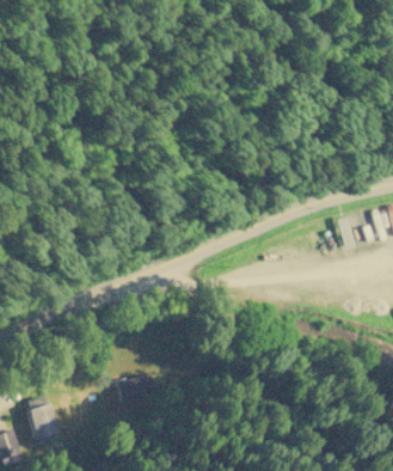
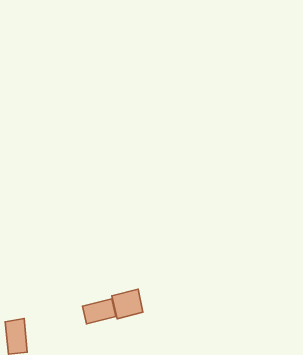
building: none -> [112,289,143,319]

